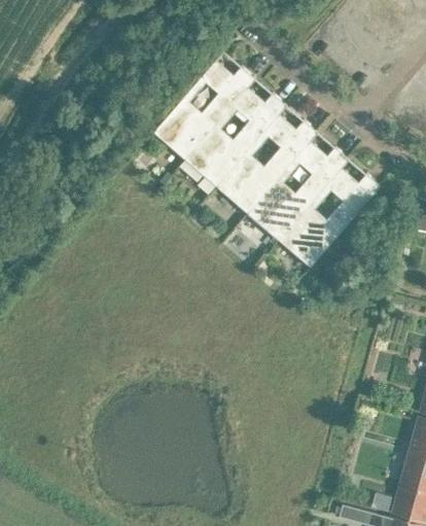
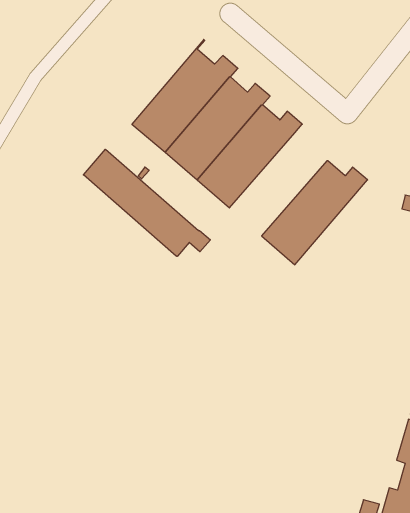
building: [247,142,349,241] -> none
building: none -> [83,149,210,256]

